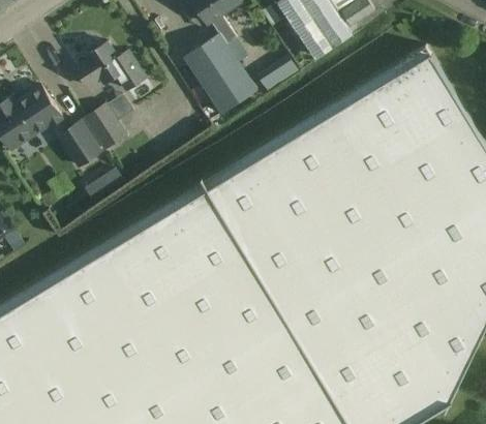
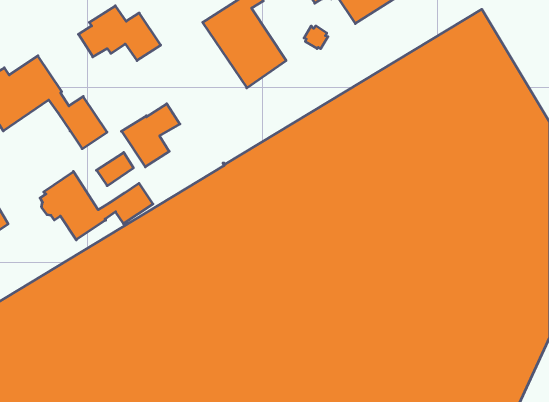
building: [85,95,135,150] -> [121,104,180,167]
building: none -> [40,171,153,240]

